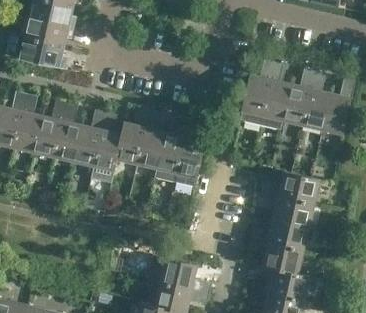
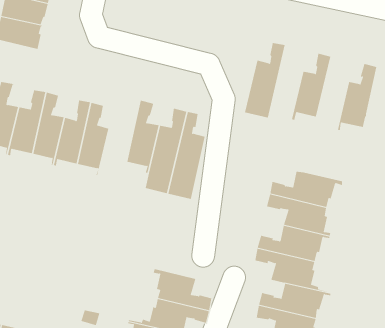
building: [260,61,290,129] -> none
building: [302,71,330,135] -> none
building: [111,106,148,176] -> none

